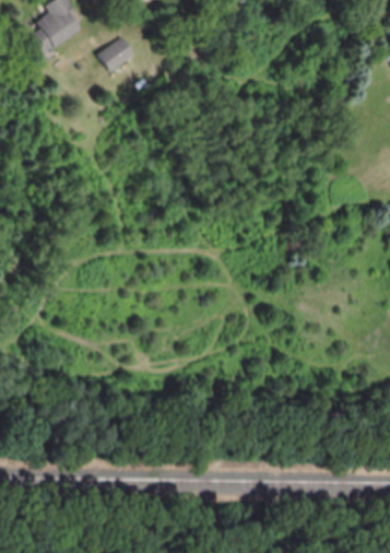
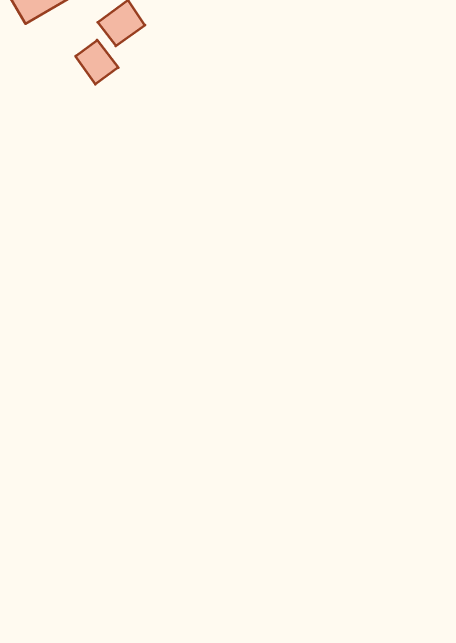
building: none -> [76,40,118,84]

